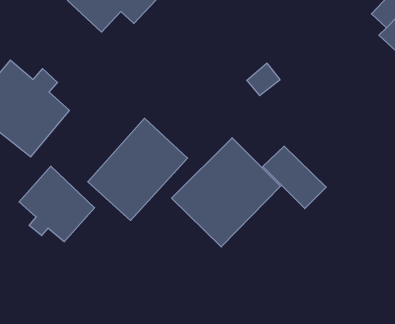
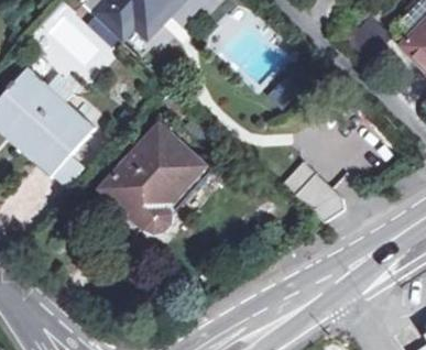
building: [172,138,281,247] -> none
building: [19,166,95,242] -> none

